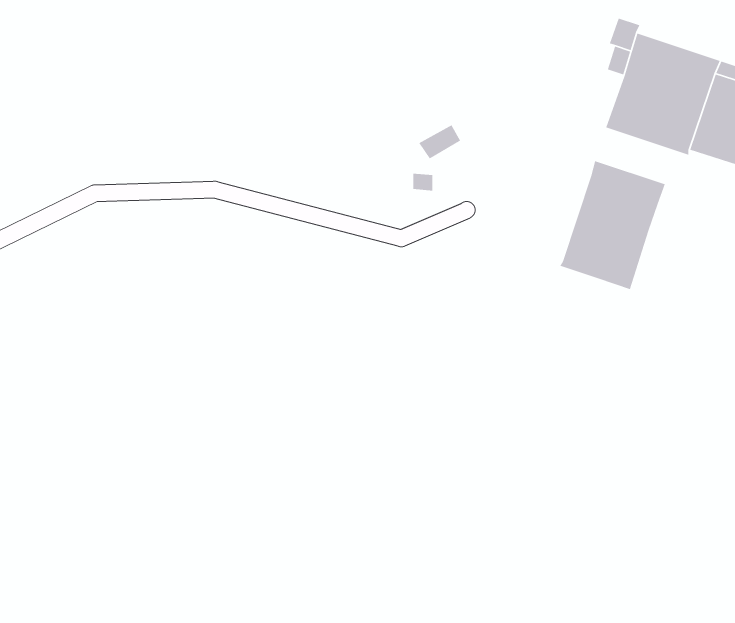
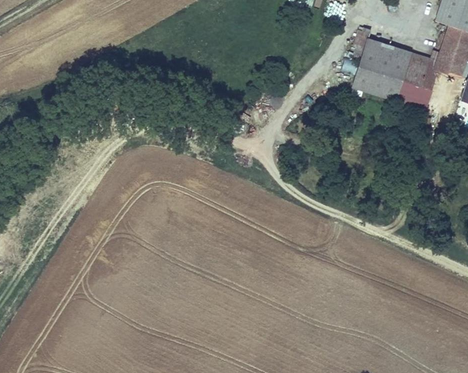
building: [559,160,666,290] -> none

